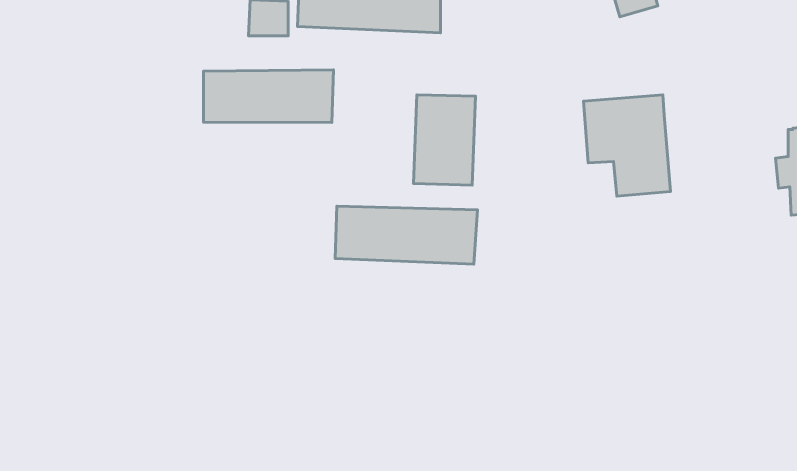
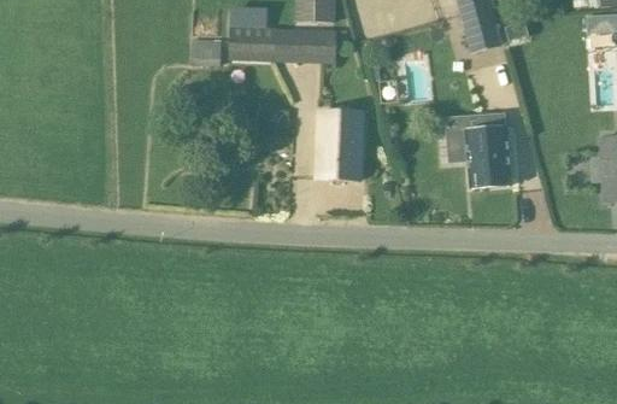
building: [203,70,333,123] -> none
building: [335,206,477,264] -> none

